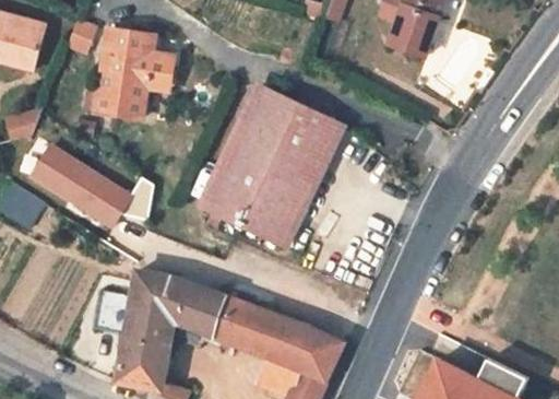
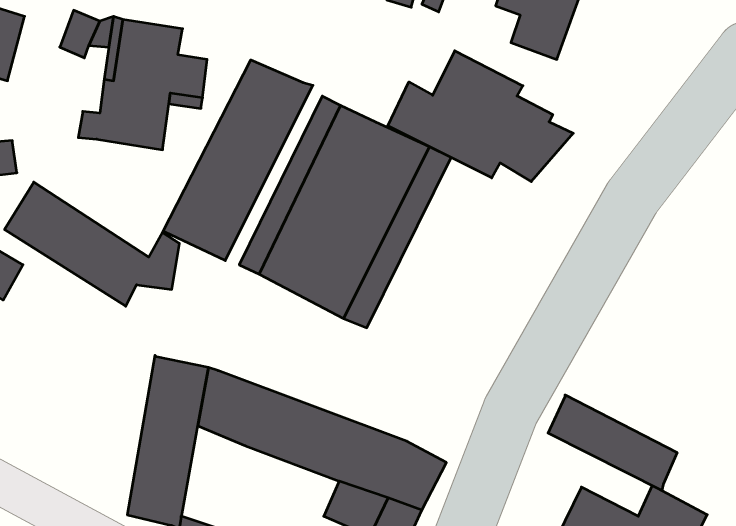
building: none -> [388,51,573,182]
building: none -> [163,60,313,261]
building: none -> [548,395,677,490]

